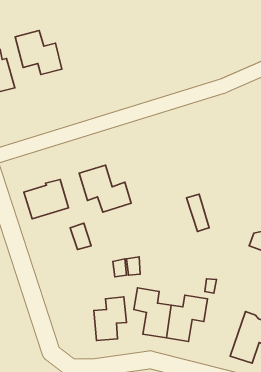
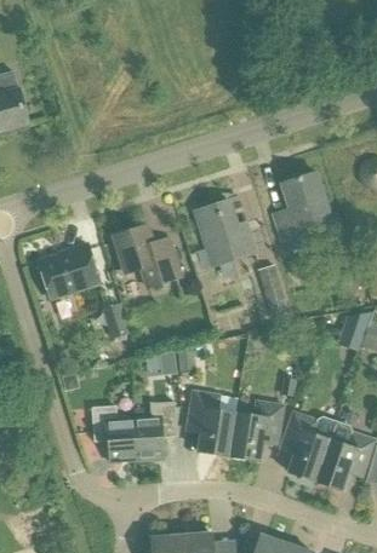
building: [15,31,62,74] -> none
building: none -> [275,172,331,250]
building: none -> [195,201,257,265]
building: none -> [91,405,137,461]
building: none -> [281,411,336,480]

